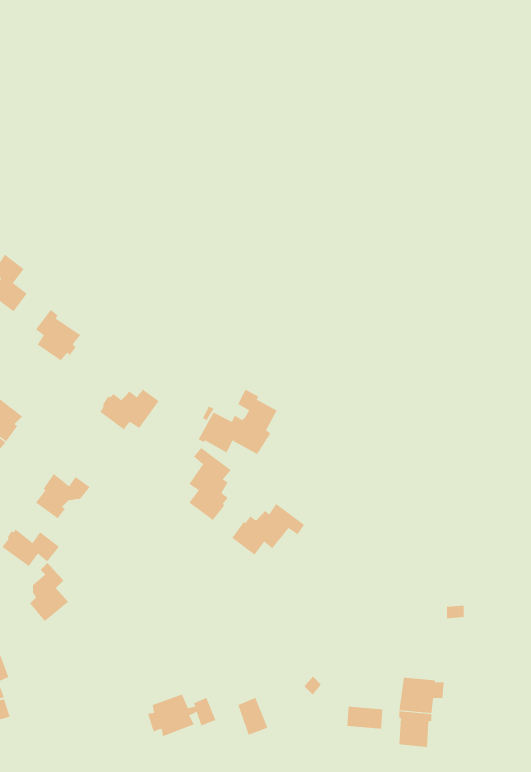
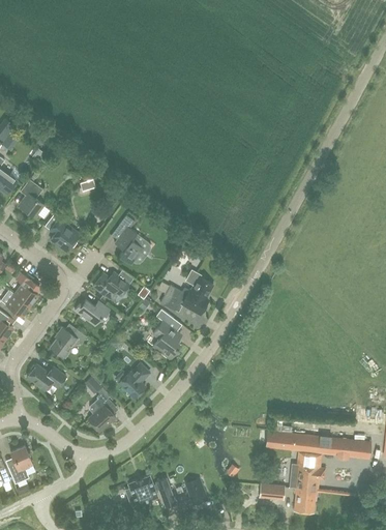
building: none -> [113,215,150,265]
building: none -> [73,300,109,326]
building: [232,503,305,555] -> none
building: none -> [114,363,148,399]
building: [29,562,69,622] -> [87,390,114,431]
building: none -> [266,432,368,459]

